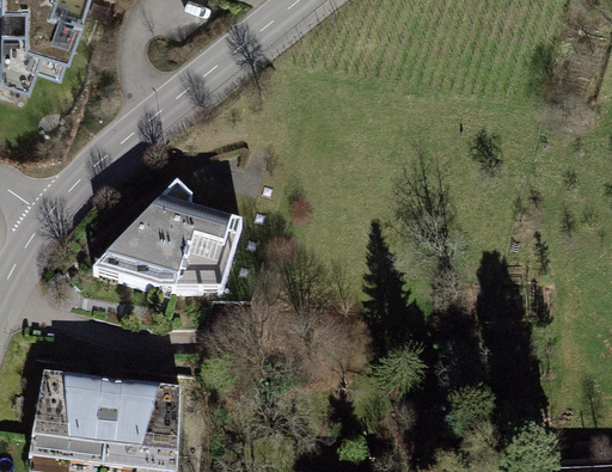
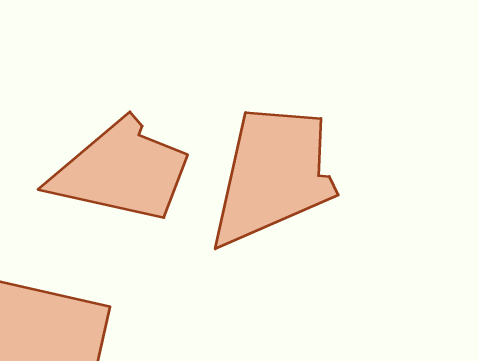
building: none -> [215,112,338,249]

